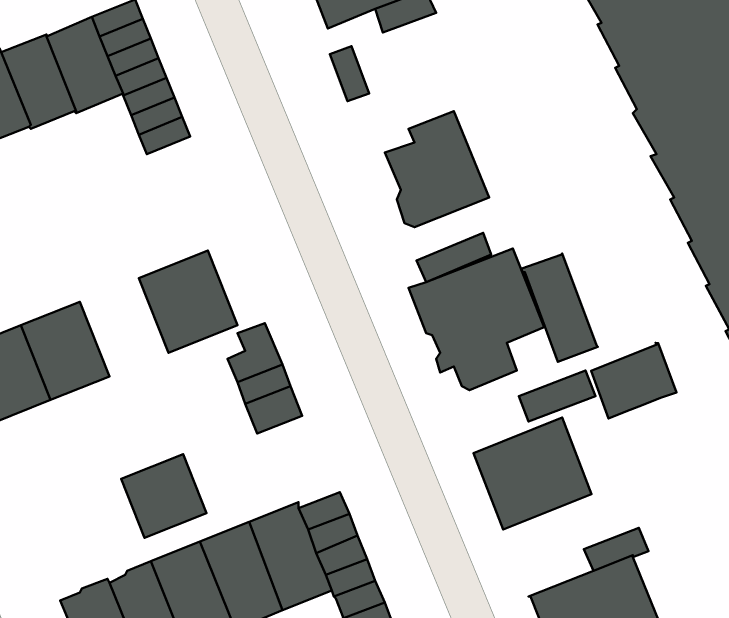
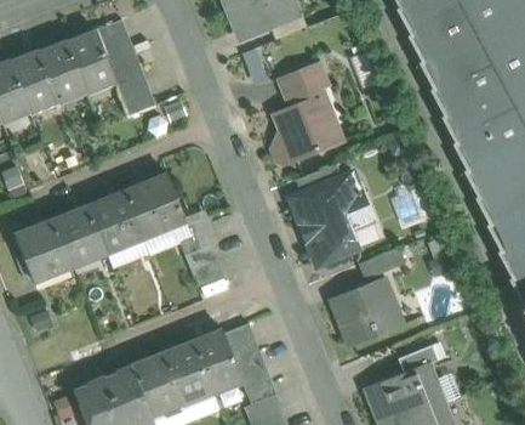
building: none -> [284,64,326,98]
building: [522,253,598,362] -> none
building: none -> [89,191,143,251]
building: [591,343,677,418] -> none
building: [121,454,206,538] -> none

